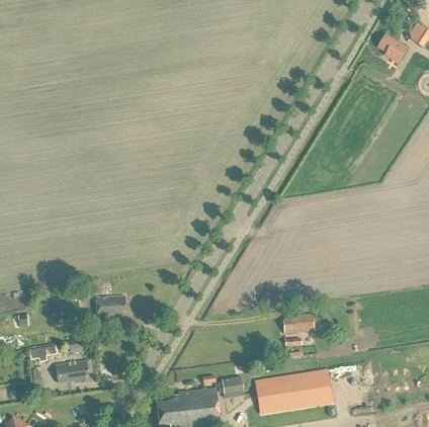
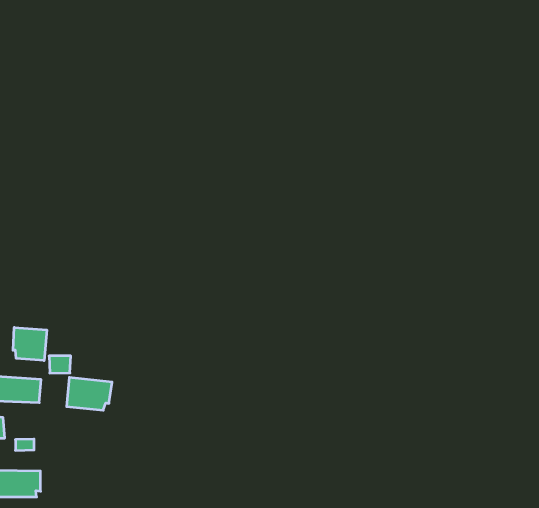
building: none -> [13,327,47,361]
building: [283,313,321,334] -> none

